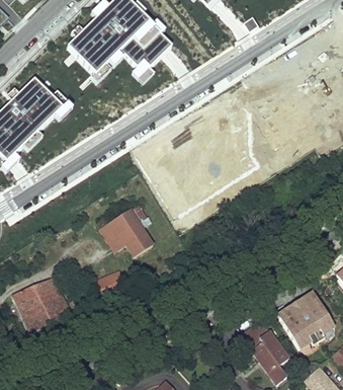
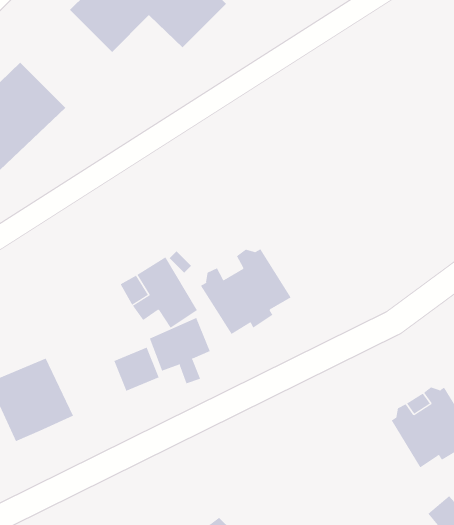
building: none -> [200,248,292,335]
building: none -> [149,317,211,384]
building: [239,318,288,381] -> none

